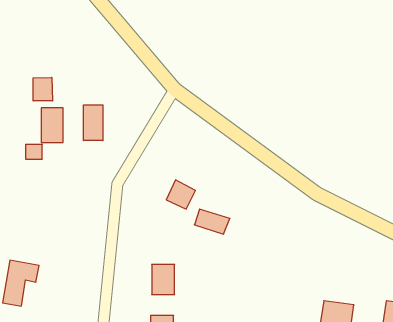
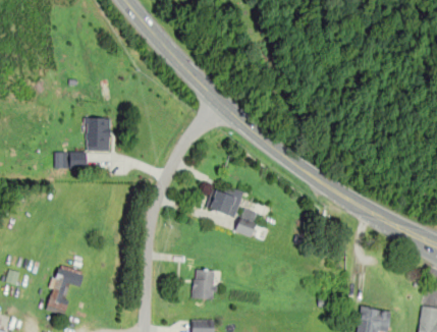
building: [33,77,53,101] -> none
building: [84,105,103,141] -> none

